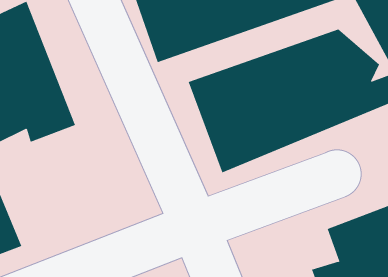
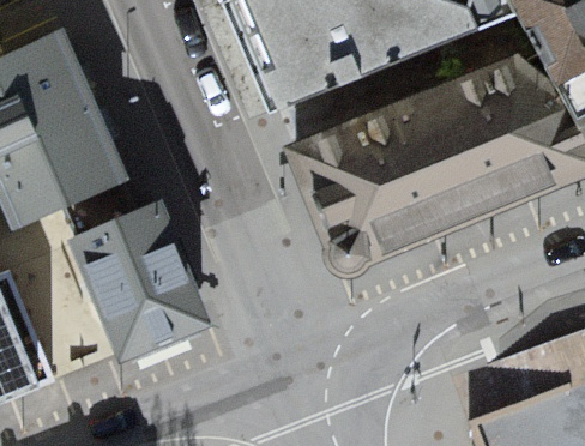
building: none -> [64,197,206,357]

